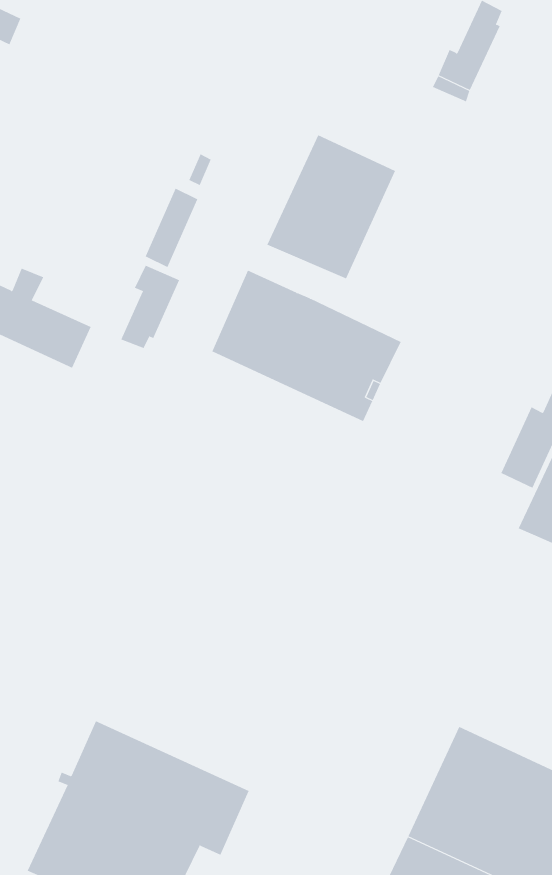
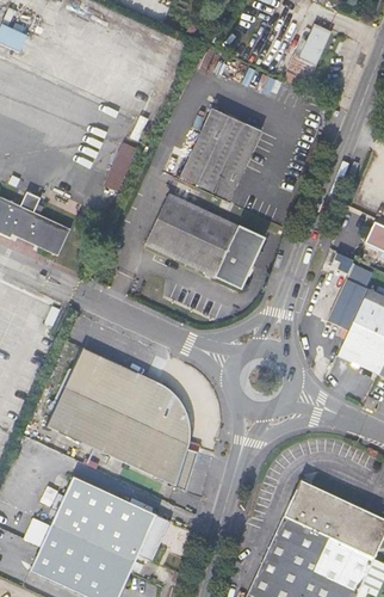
building: [121,265,180,349] -> none
building: none -> [45,347,198,491]

